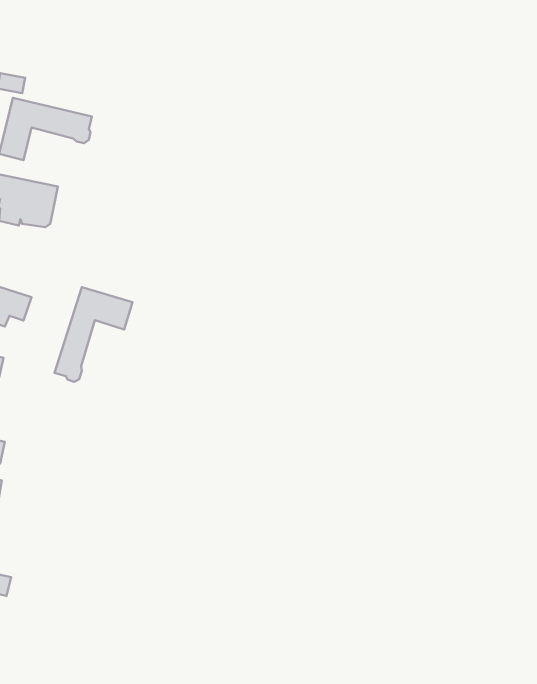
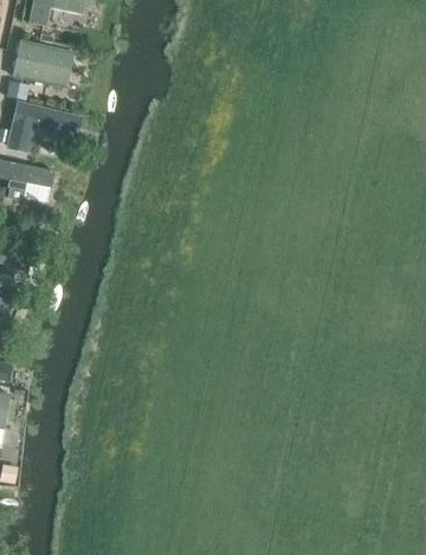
building: none -> [13,40,72,86]
building: [55,287,133,382] -> none

